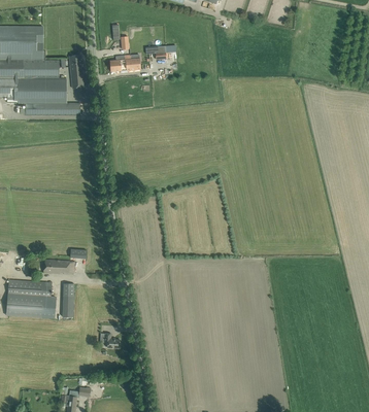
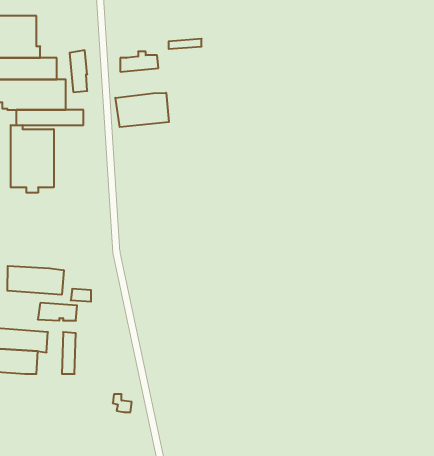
building: none -> [115,93,169,127]
building: none -> [11,125,54,193]
building: none -> [7,266,64,295]

